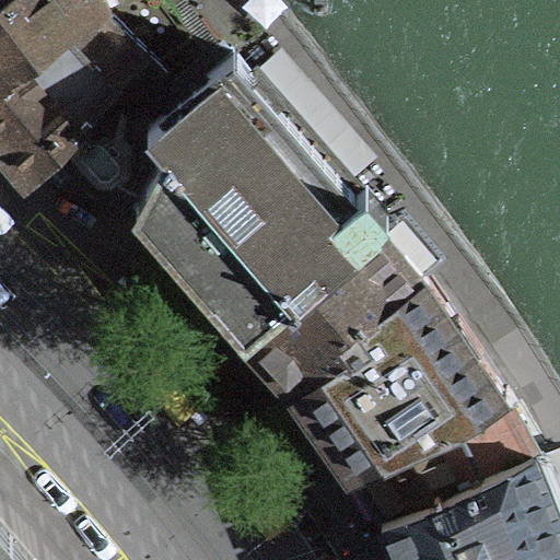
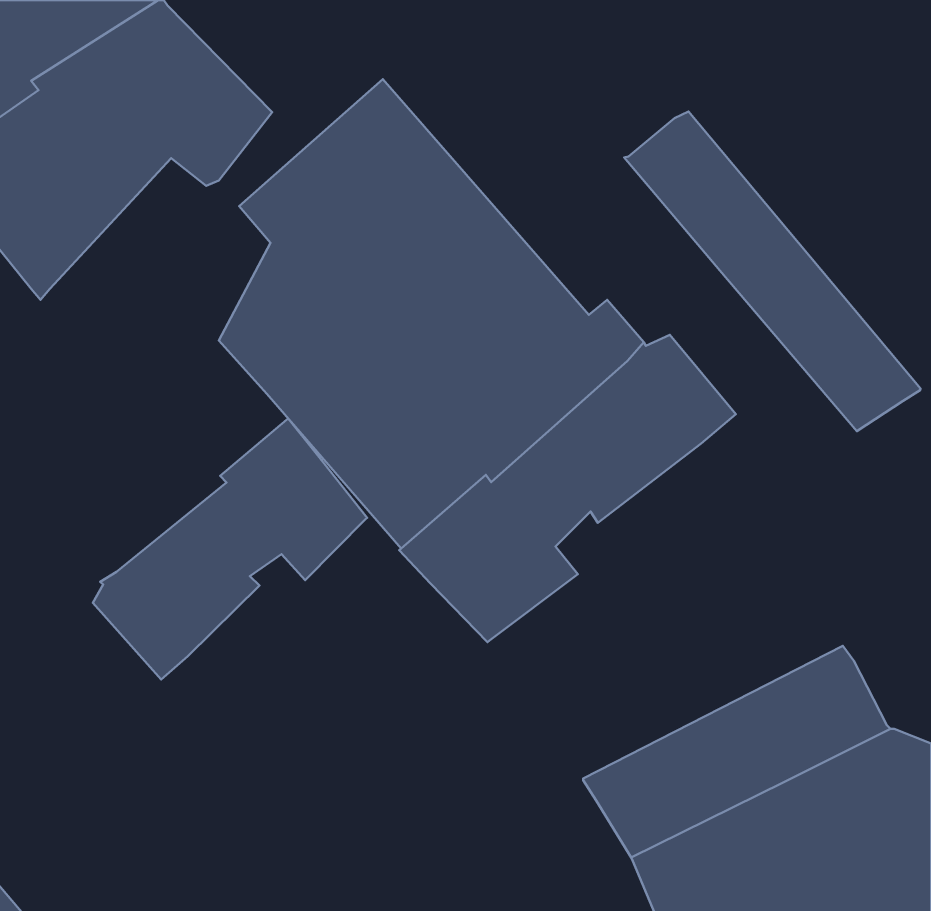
building: none -> [624,112,920,431]
building: none -> [93,419,367,680]
building: [291,280,501,480] -> none

